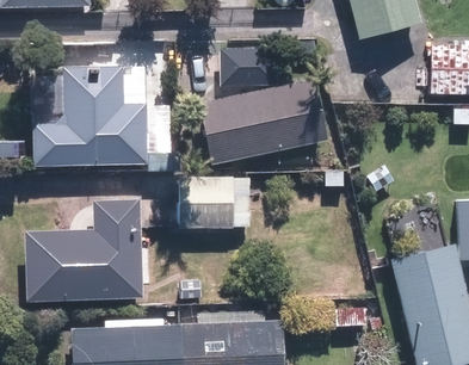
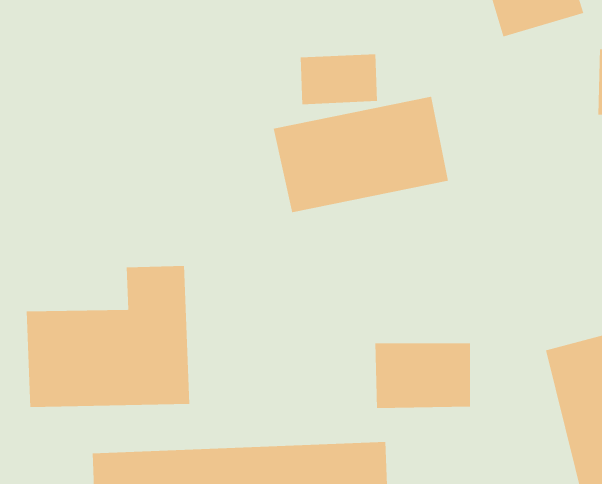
building: [35,68,147,163] -> none
building: [179,180,247,227] -> [375,343,471,409]

